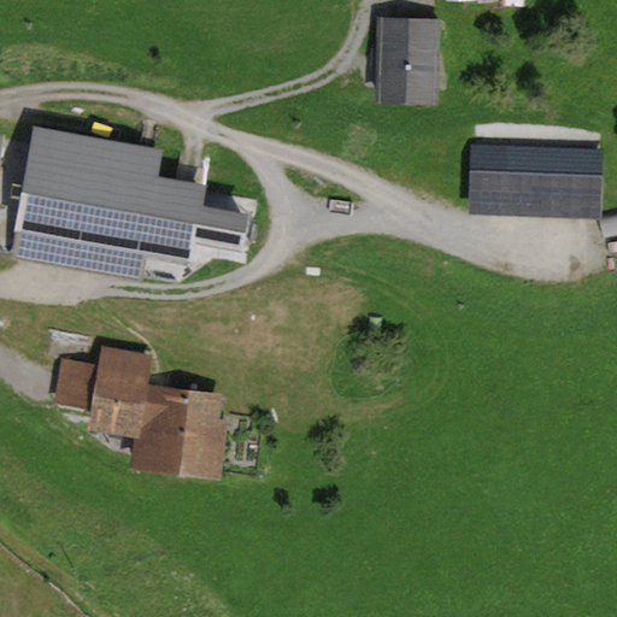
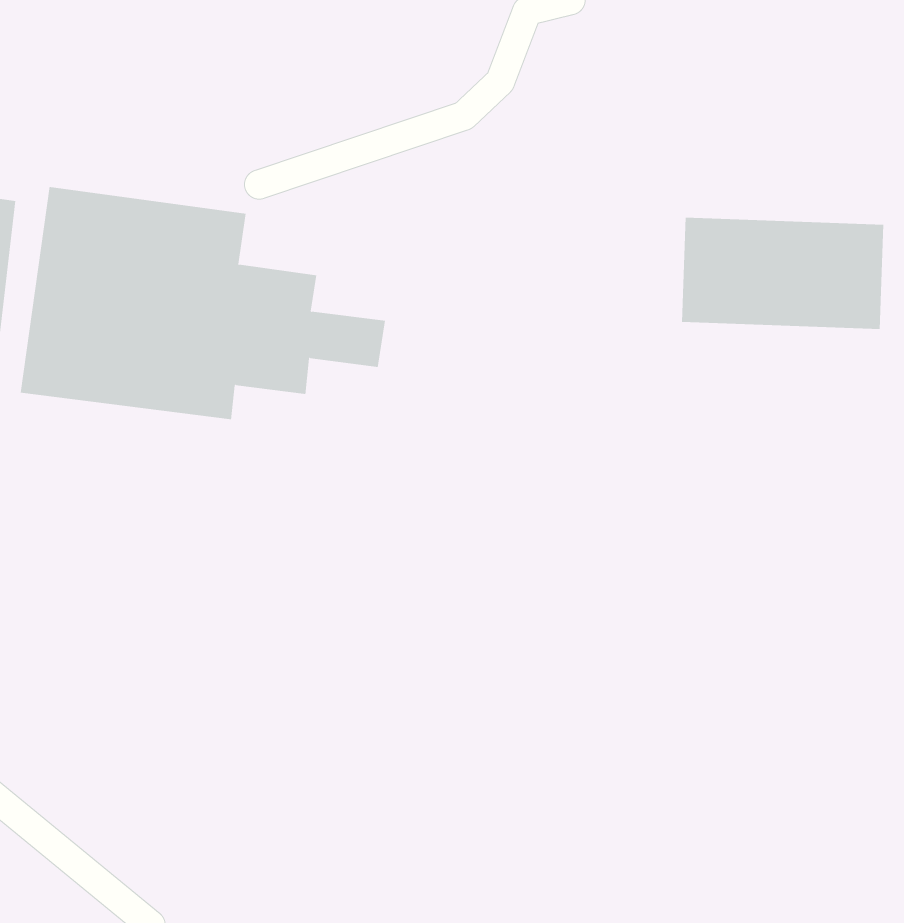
building: [360,18,425,107] -> none
building: [57,342,237,475] -> none

